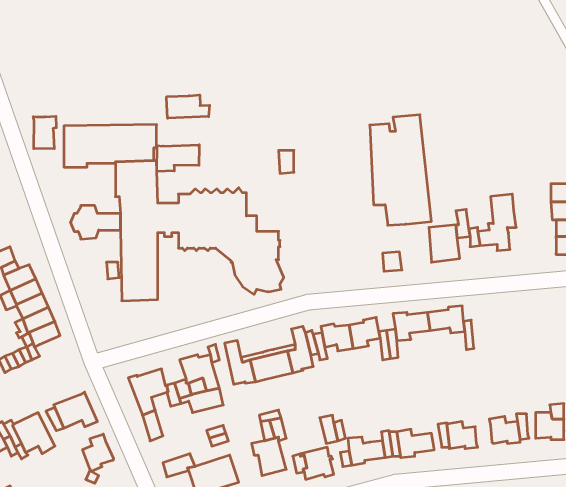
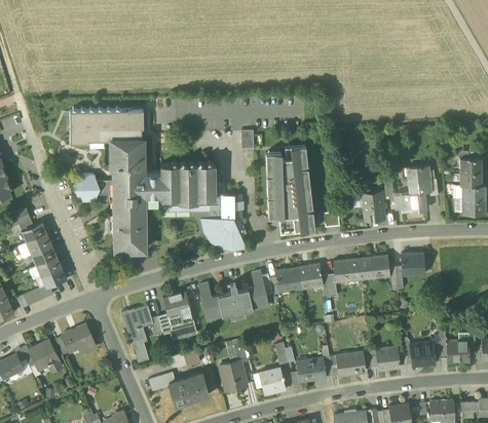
building: [166,95,210,118] -> none
building: [370,115,431,225] -> [266,145,315,233]
building: [33,116,56,149] -> none
building: [157,145,199,171] -> none
building: none -> [402,253,425,275]
building: [83,434,113,471] -> none

